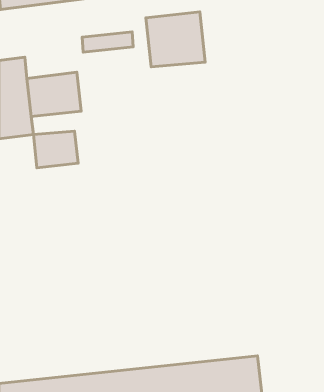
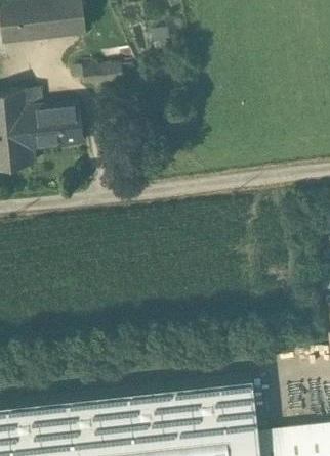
building: [146,12,205,67] -> none
building: [33,131,78,168] -> none

